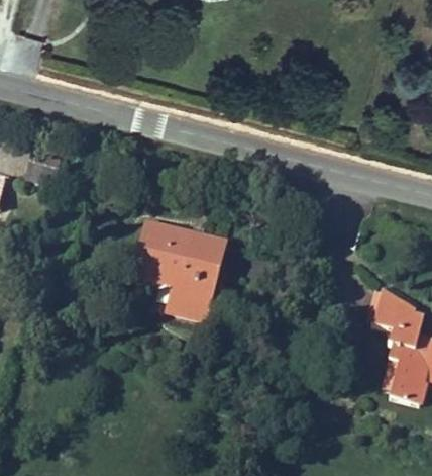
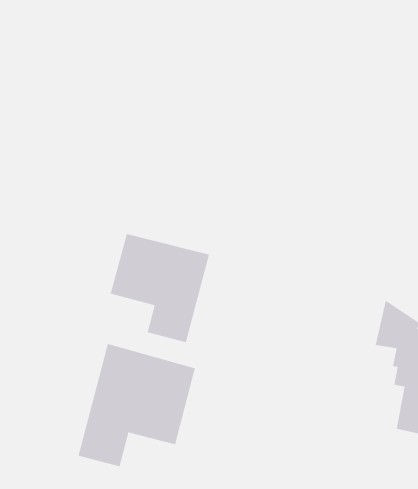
building: none -> [78,343,196,467]

